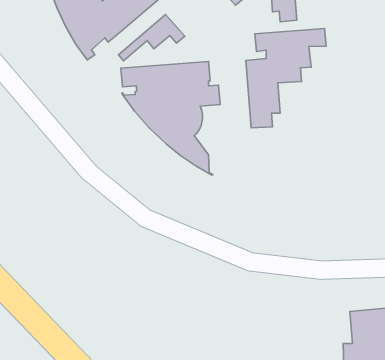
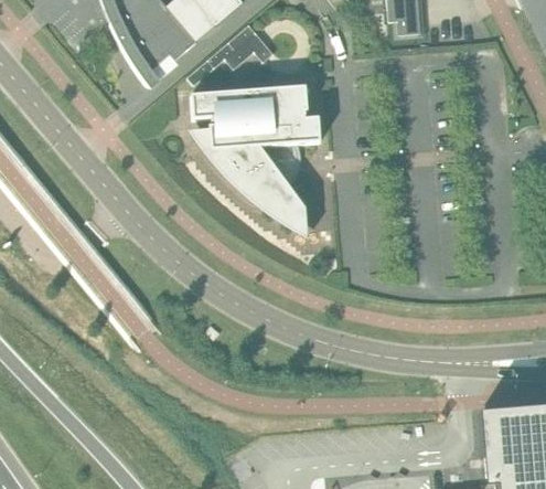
building: [246,28,326,128] -> none

